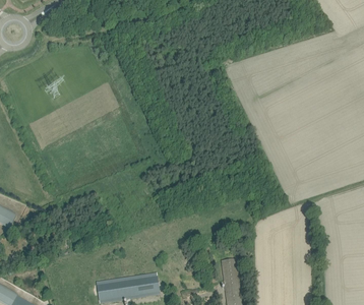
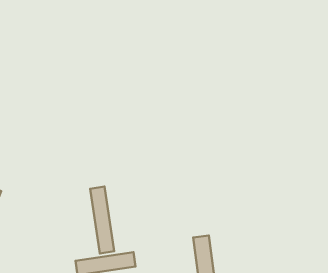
building: none -> [90,186,114,254]

